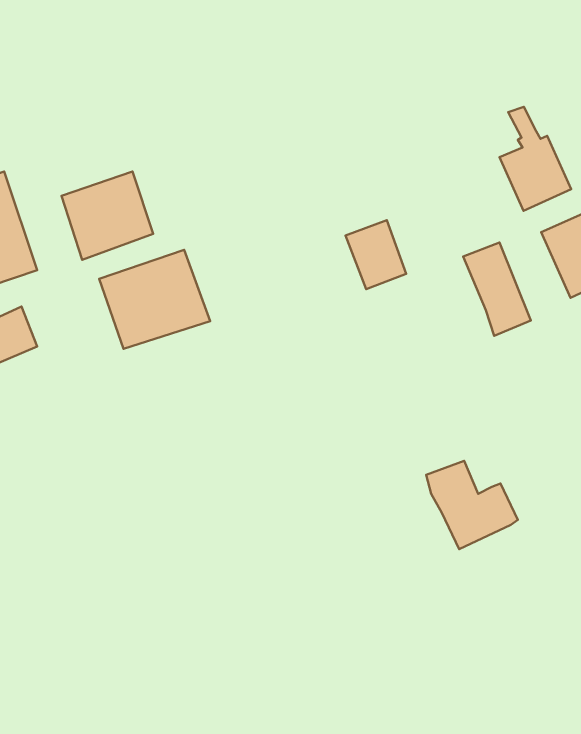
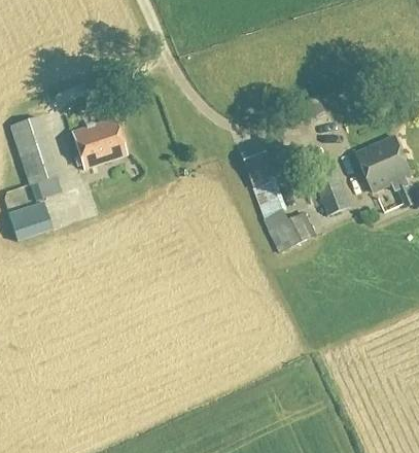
building: [499,107,571,211] -> none
building: [99,250,210,349] -> none
building: [426,461,518,549] -> [258,200,313,252]

